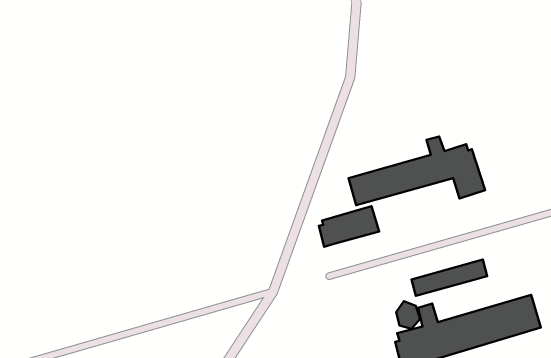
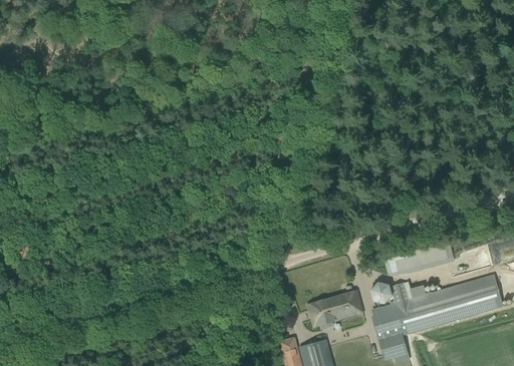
building: [349,136,485,205] -> none
building: [319,206,379,247] -> [308,290,363,327]

